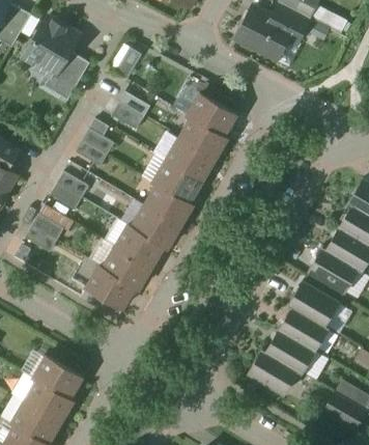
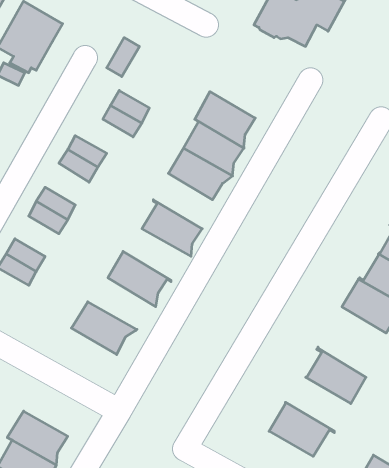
building: [55,51,89,100] -> none
building: [152,160,201,205] -> none
building: [127,205,183,248] -> none
building: [98,246,154,288] -> none
building: [288,281,338,329] -> none
building: [261,328,315,372] -> none

